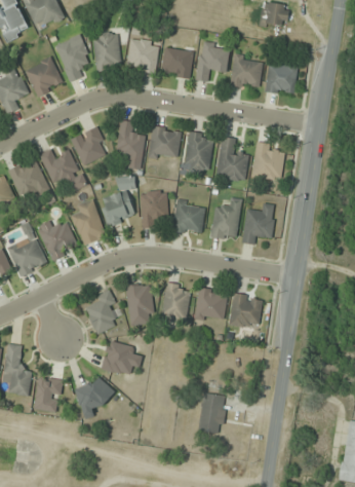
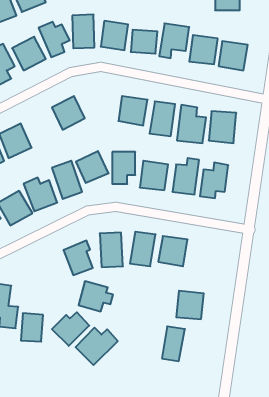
building: [118,120,145,167] -> none
building: [40,148,86,192] -> none
building: [230,294,262,327] -> [176,291,204,319]
building: none -> [76,328,118,365]

